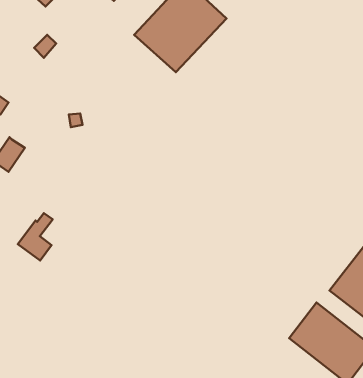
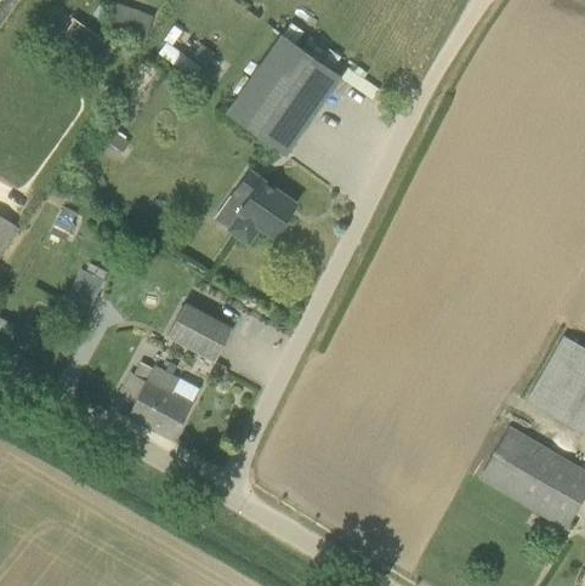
building: none -> [231,170,292,241]
building: none -> [167,301,233,360]
building: none -> [140,364,192,438]

